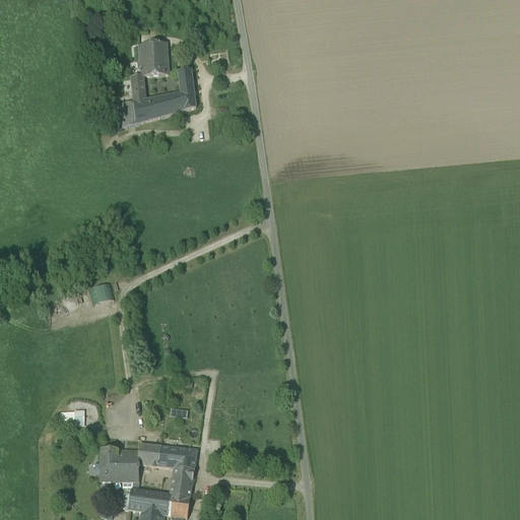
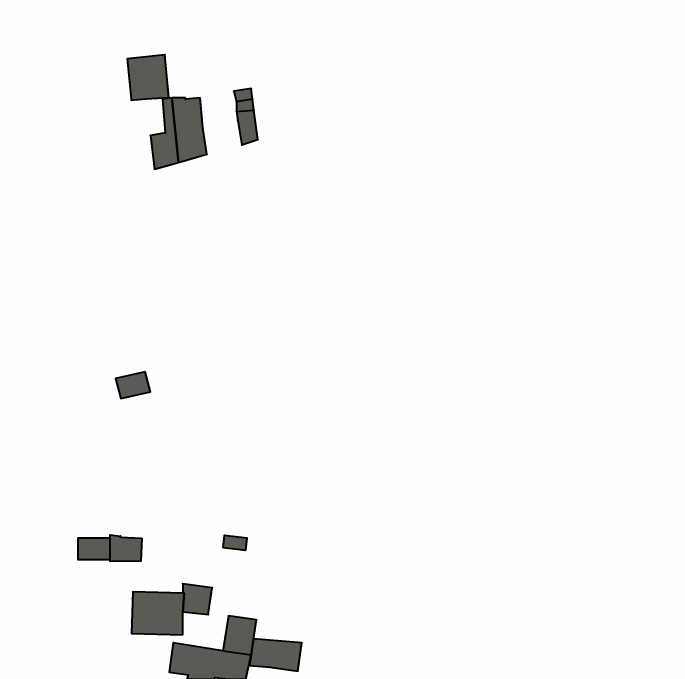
building: [137,41,169,75] -> [127,55,169,100]
building: [153,91,183,117] -> none
building: none -> [110,535,142,561]
building: [157,445,197,469] -> [250,639,302,671]

